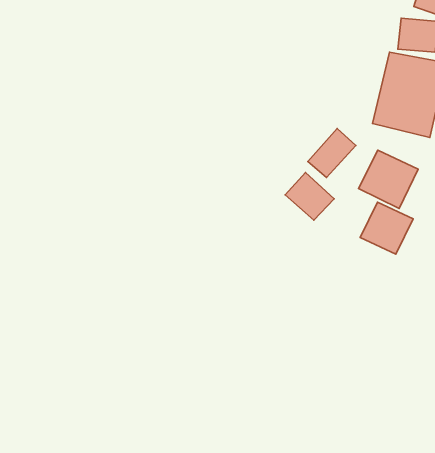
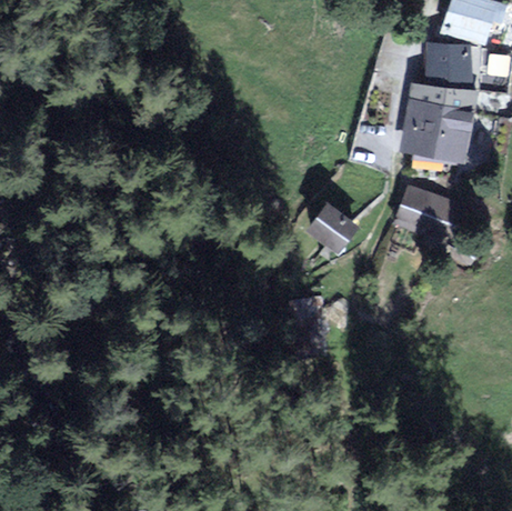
building: [308,129,356,178] -> none
building: [360,202,413,254] -> none

